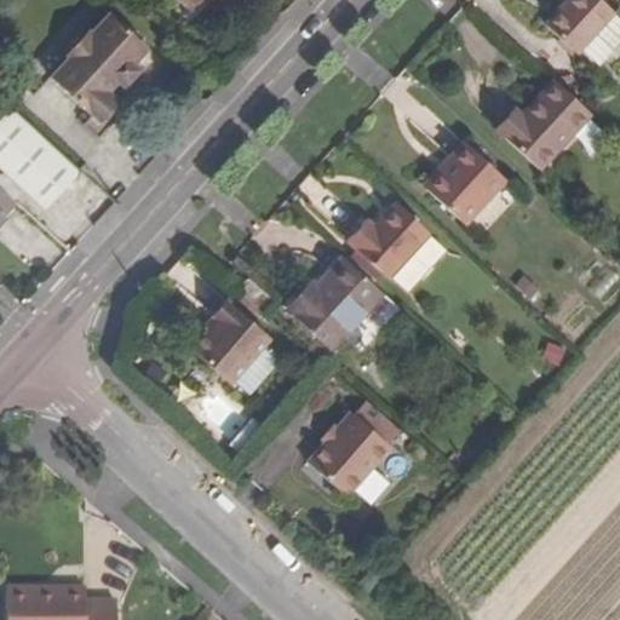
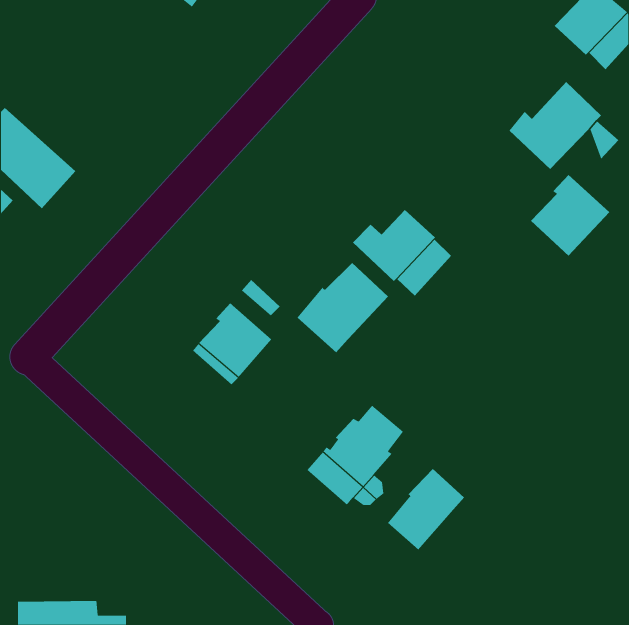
building: [48,10,145,119] -> none
building: [427,143,506,224] -> [530,174,610,256]
building: none -> [387,468,465,550]

